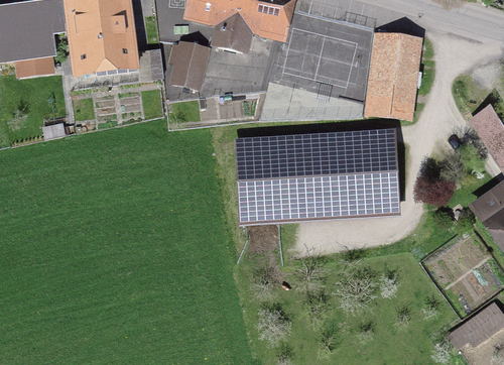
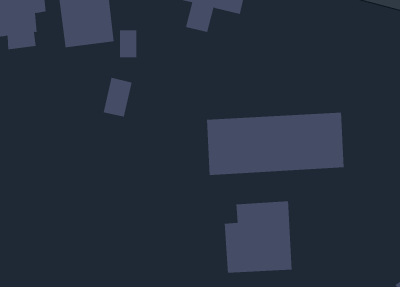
building: [365,33,419,114] -> none
building: [173,43,207,88] -> [103,77,133,117]
building: none -> [224,200,292,273]

